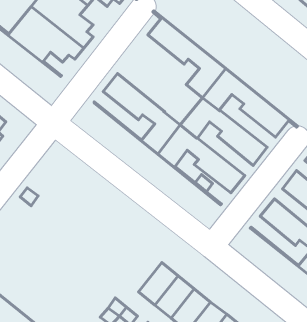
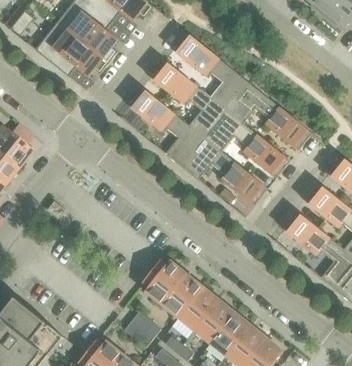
building: none -> [151,61,227,139]
building: none -> [145,262,187,304]

